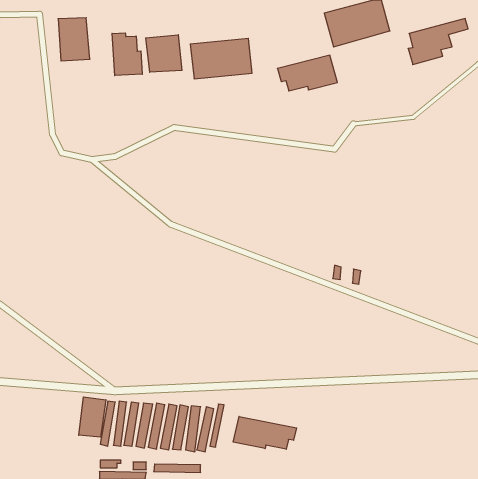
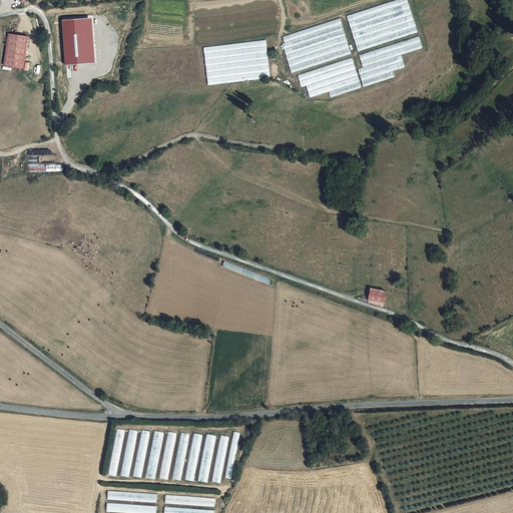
building: none -> [282,19,351,71]
building: [408,19,468,65] -> [358,37,422,86]
building: none -> [7,32,32,67]
building: [112,33,142,76] -> none
building: [146,35,182,72] -> none
building: [79,397,106,437] -> none
building: [233,416,297,449] -> none

